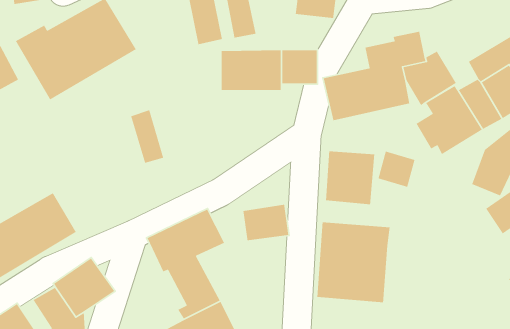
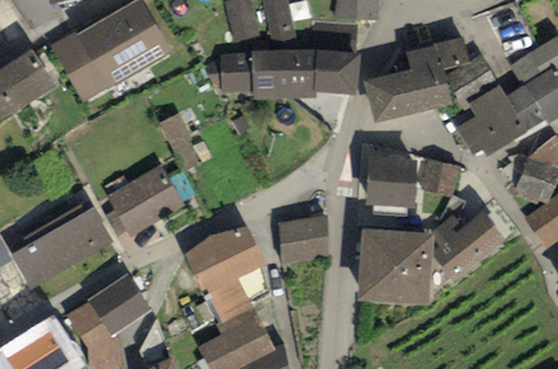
building: none -> [223,54,258,89]
building: none -> [107,166,183,236]
building: none -> [429,212,502,282]

